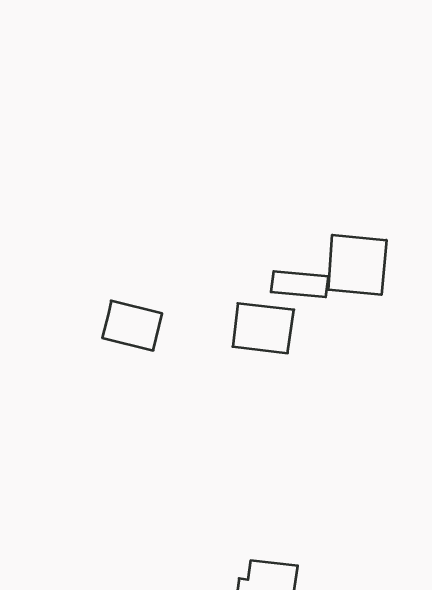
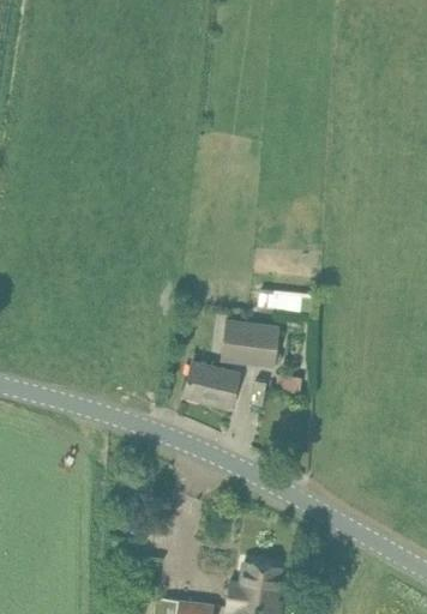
building: [328,235,386,295] -> none
building: [102,301,162,350] -> [185,362,241,409]

